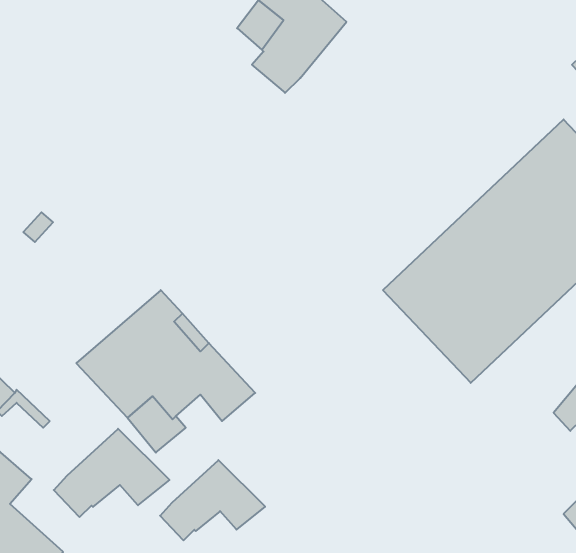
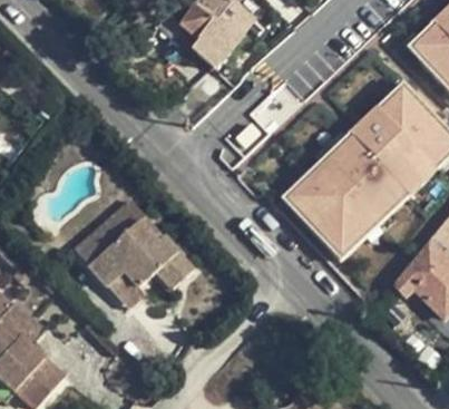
building: [54,429,169,517] -> none
building: [160,460,265,540] -> none

